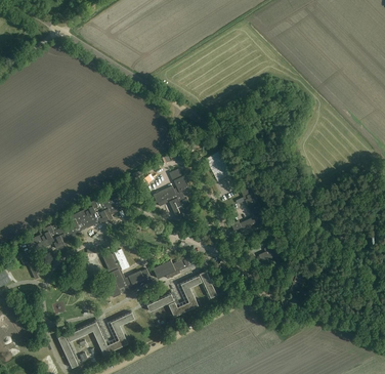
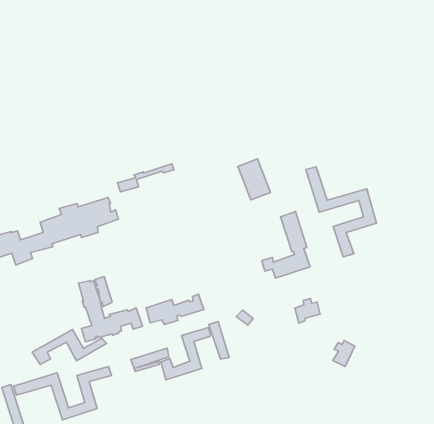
building: none -> [306,167,376,257]
building: [154,170,196,217] -> none
building: none -> [32,329,107,365]

